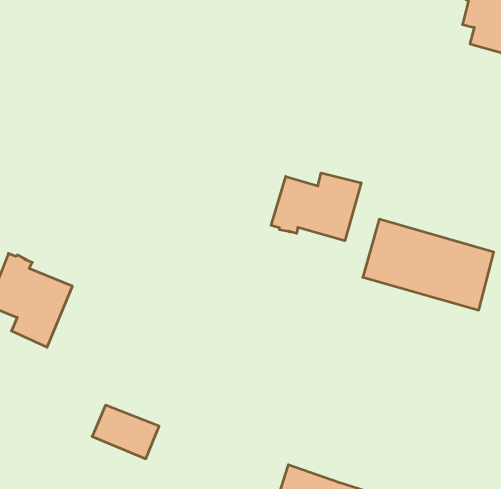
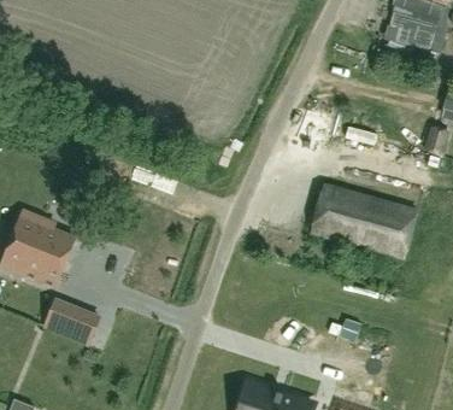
building: [271,173,361,241] -> none
building: [92,405,159,459] -> [45,299,99,342]

